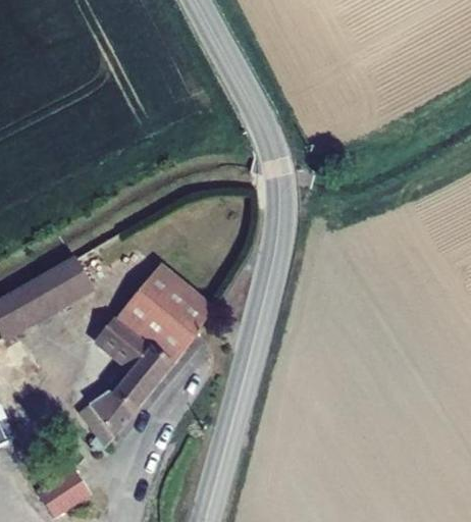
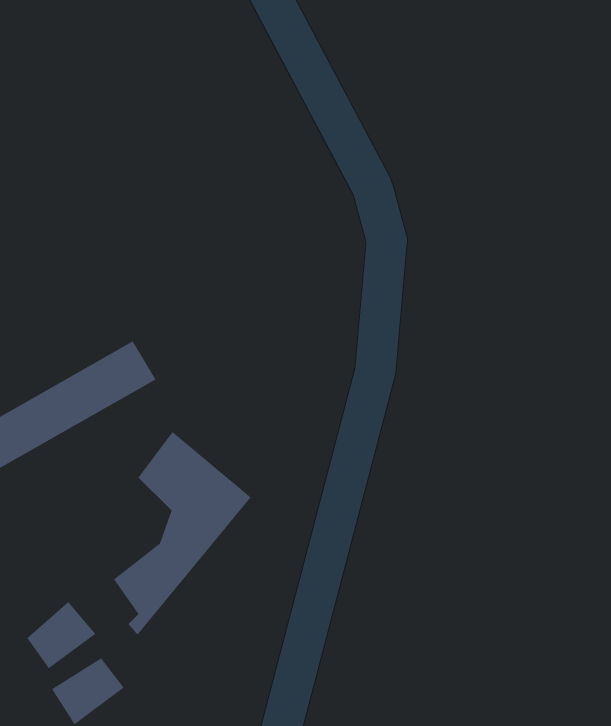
building: [124,265,213,357] -> none
building: none -> [26,601,96,669]

